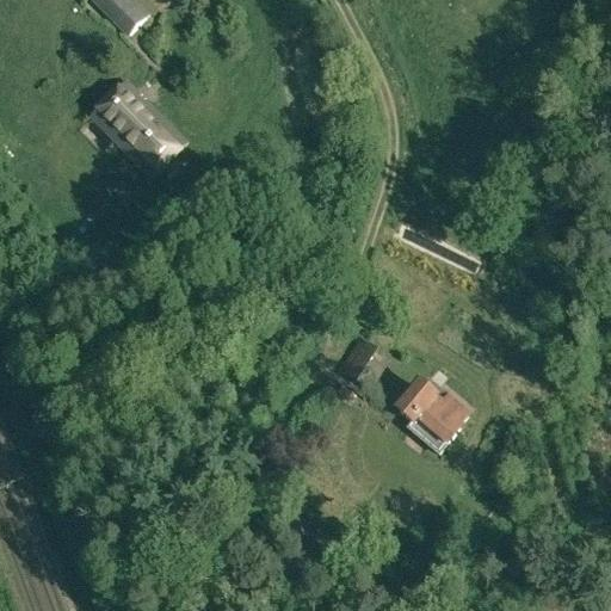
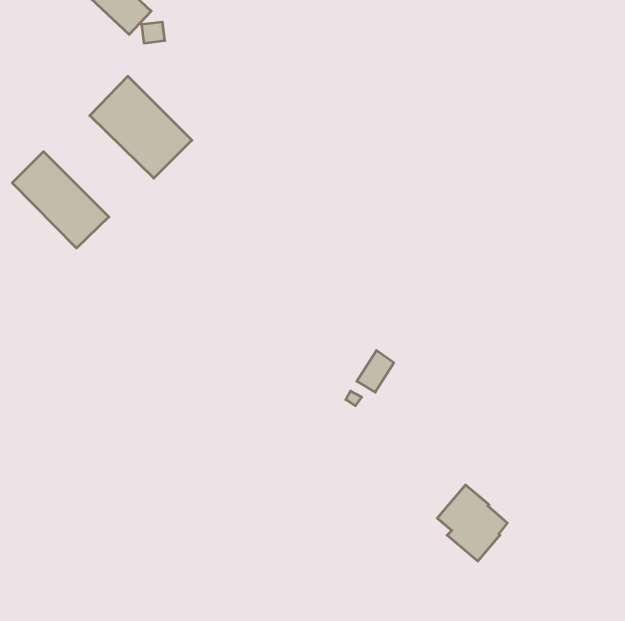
building: none -> [12,152,109,248]
building: [397,375,465,449] -> [437,485,507,561]

